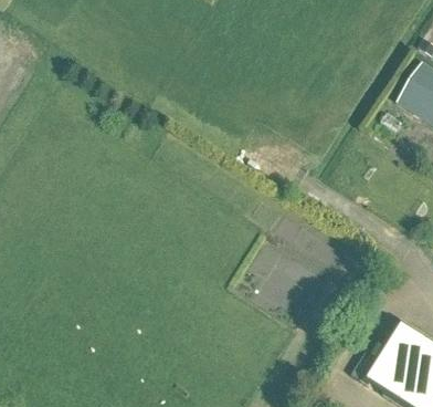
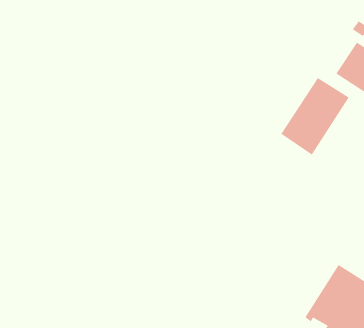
building: none -> [281,77,350,155]

